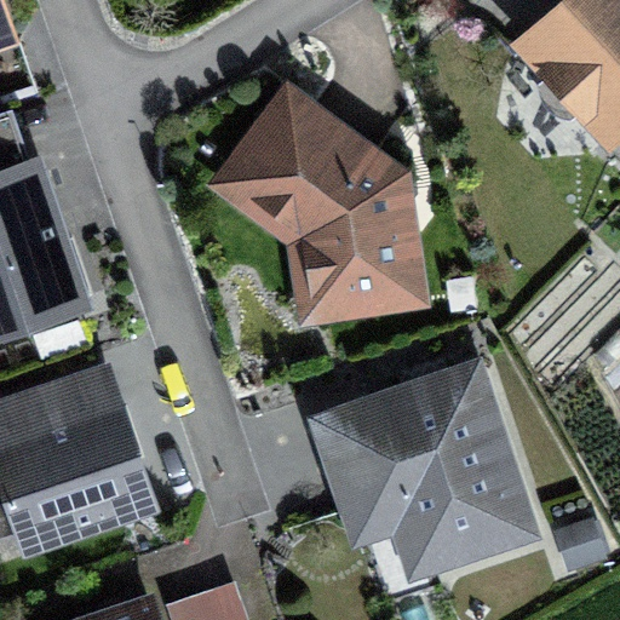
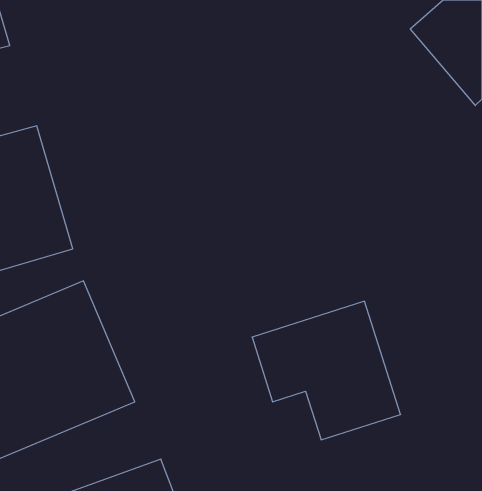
building: [225,103,390,299] -> none

